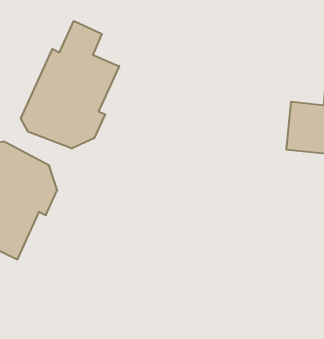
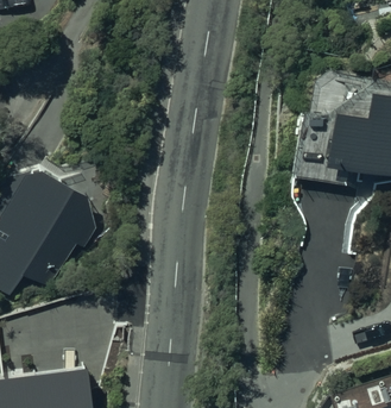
building: [21,21,119,149] -> none

